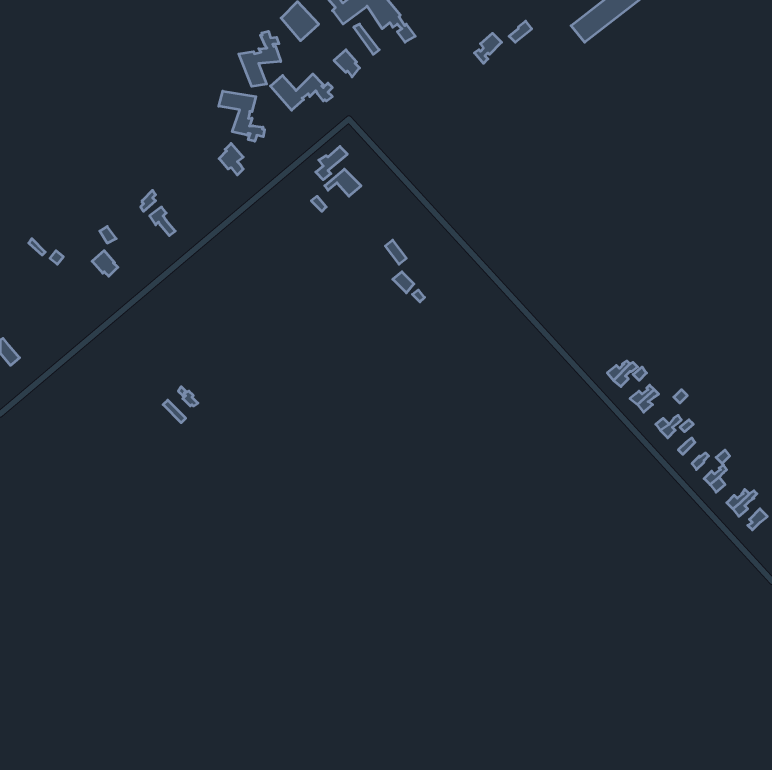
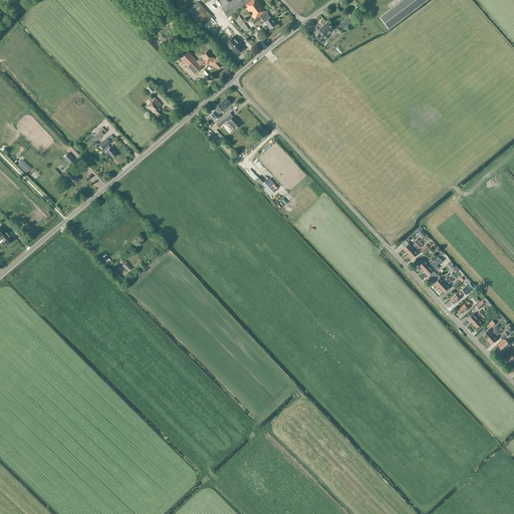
building: [239,31,281,86] -> none
building: [219,91,265,141] -> none

